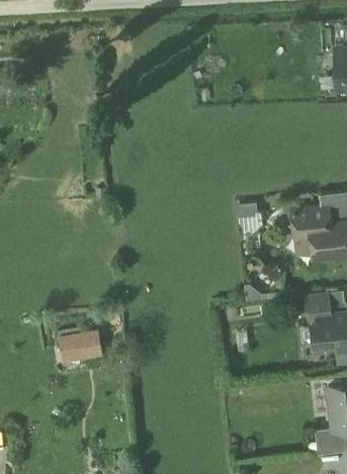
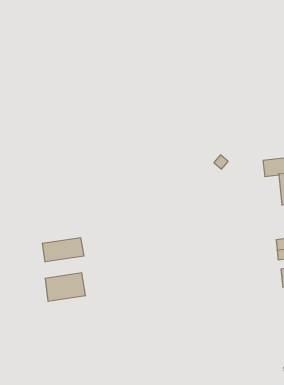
building: none -> [43,238,84,262]

